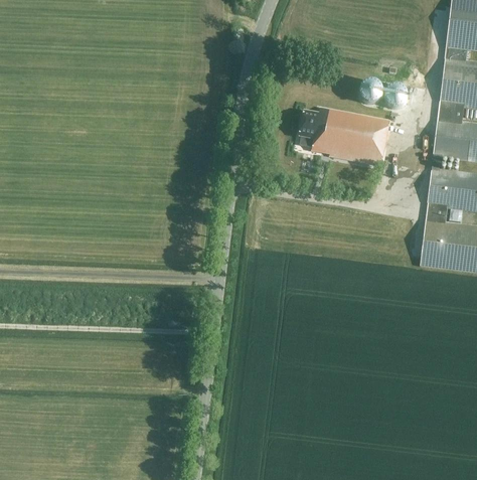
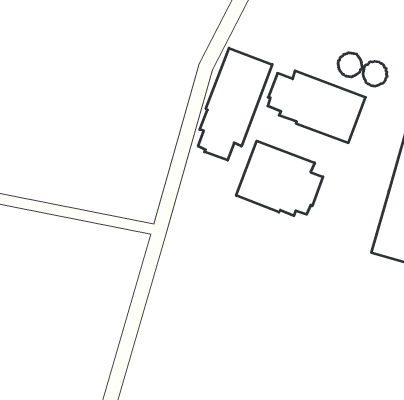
building: none -> [198,48,272,160]
building: none -> [236,141,323,216]

